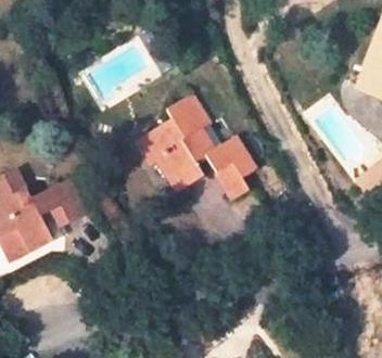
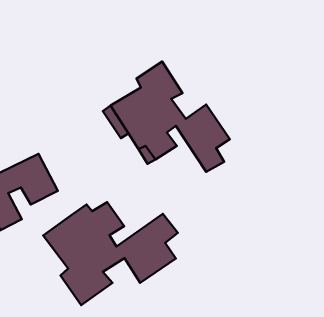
building: none -> [43,202,178,305]

